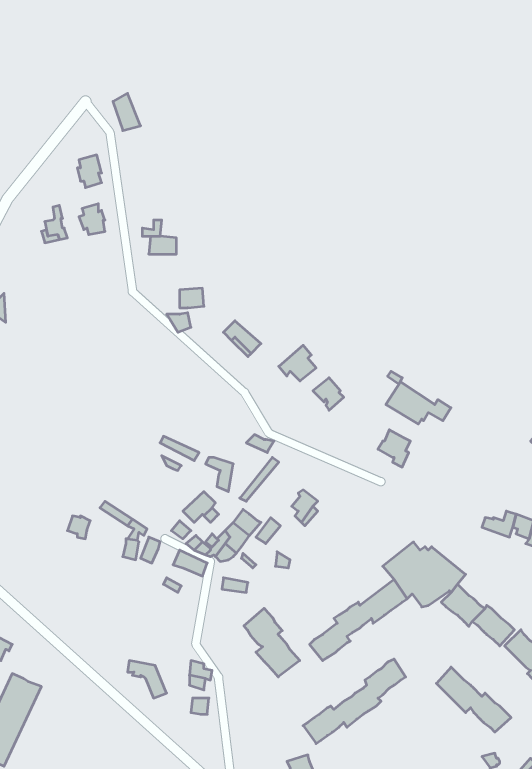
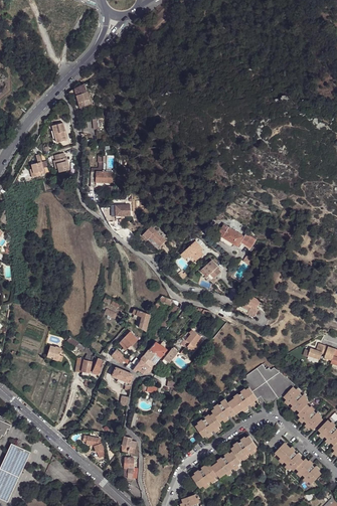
building: [386,382,451,424] -> [216,221,257,247]
building: [244,608,300,677] -> none

